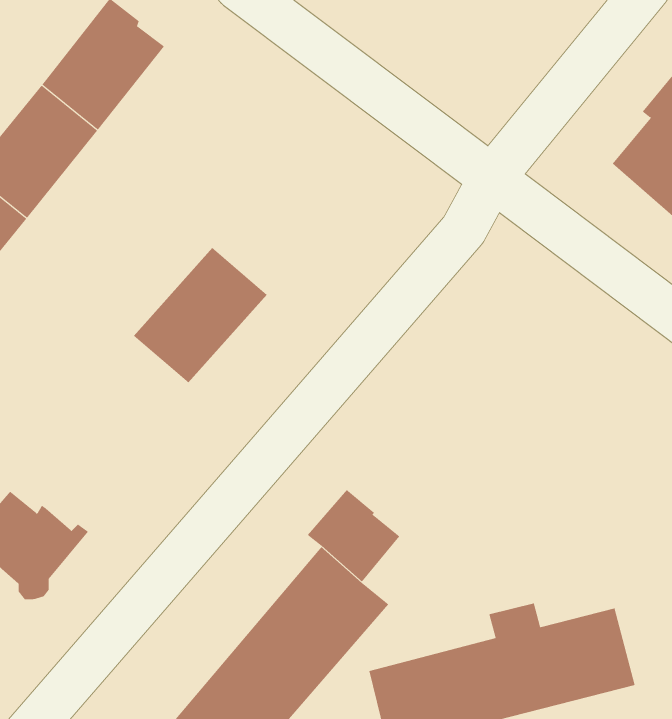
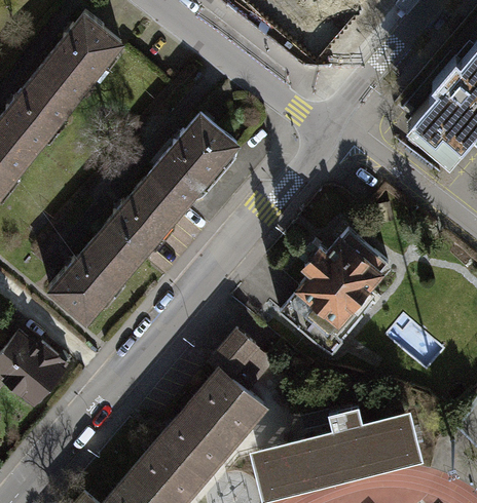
building: none -> [150,118,236,208]
building: none -> [280,234,390,358]
building: none -> [49,235,135,322]

